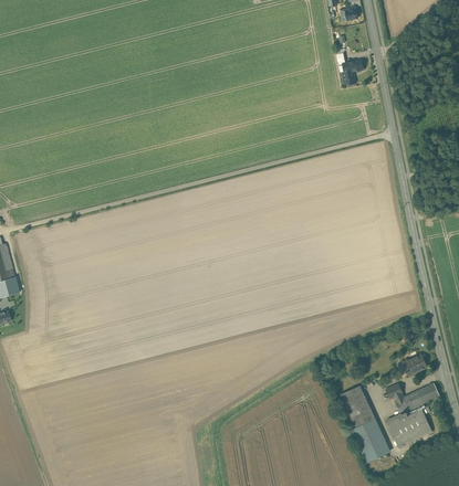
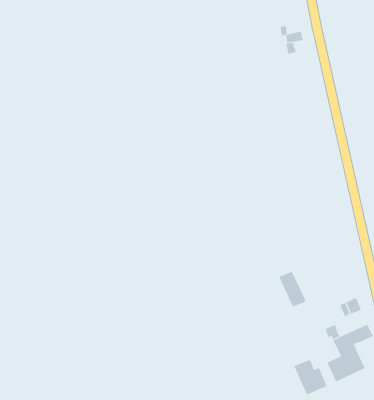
building: [341,388,372,427] -> [278,271,306,307]

